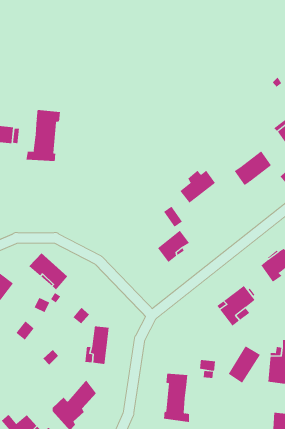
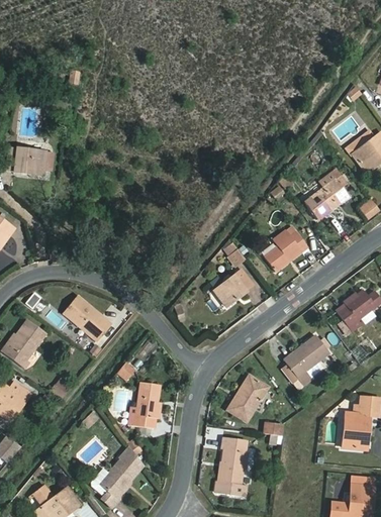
building: [26,109,60,162] -> none
building: [180,170,216,203] -> [265,231,307,271]
building: [228,345,261,383] -> [228,378,267,422]

